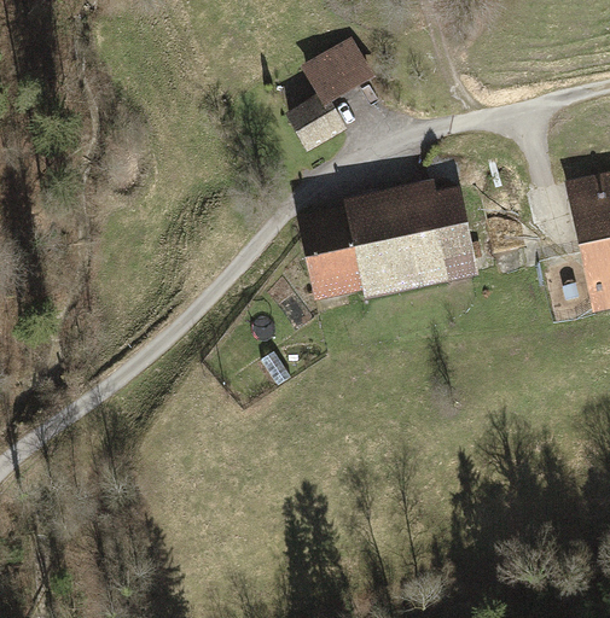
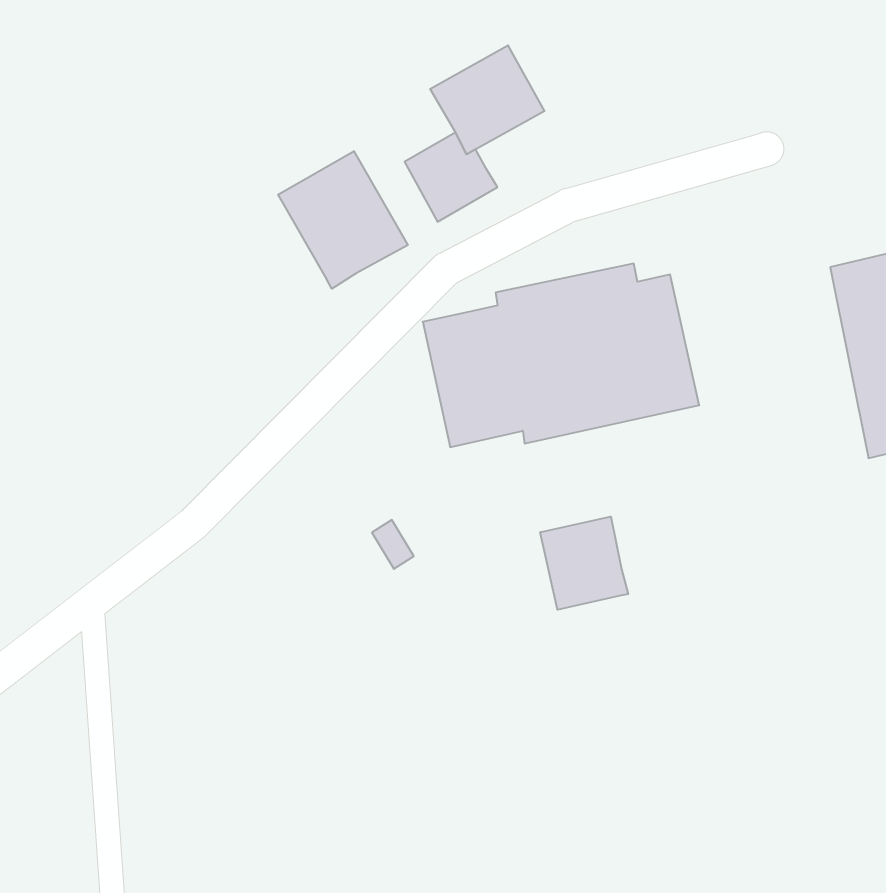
building: none -> [278,151,408,289]
building: none -> [540,517,628,610]

